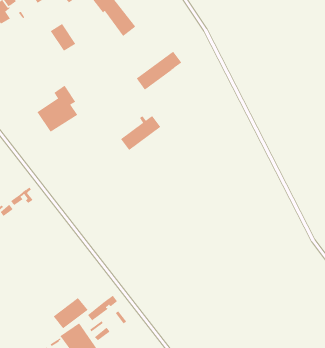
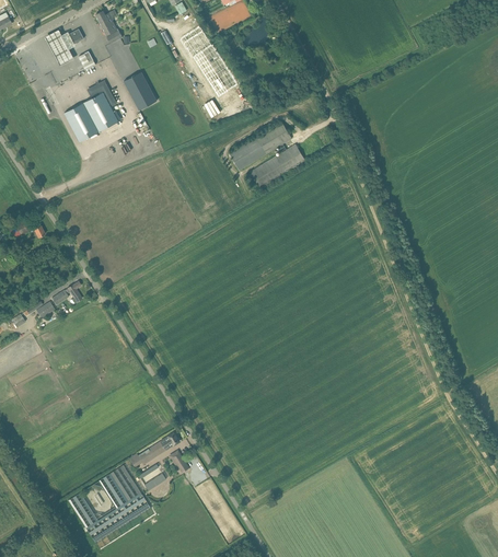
building: [37,85,78,133] -> [65,81,118,141]
building: [120,115,161,151] -> [251,143,305,188]
building: [53,297,88,329] -> none

